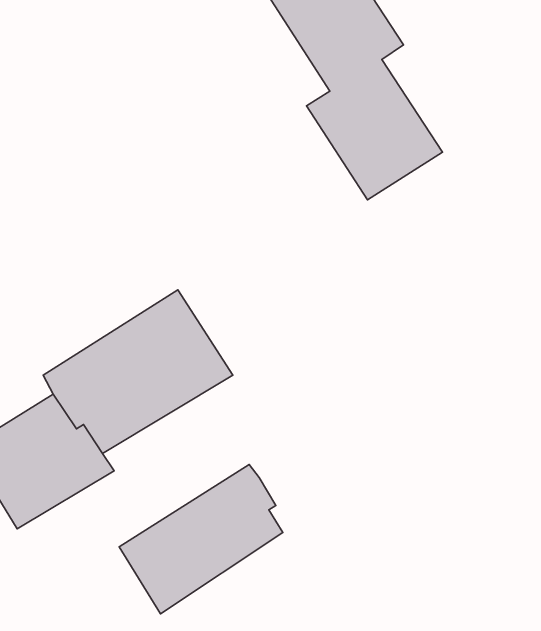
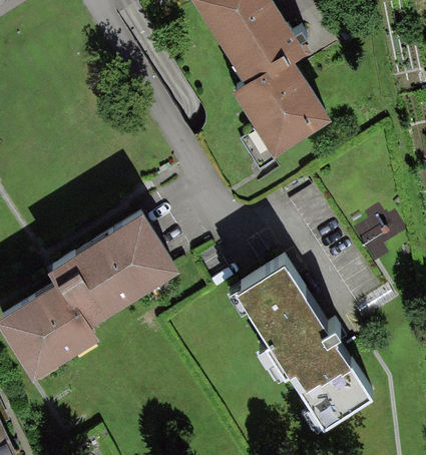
building: none -> [235,258,369,422]
building: [119,464,283,614] -> none

